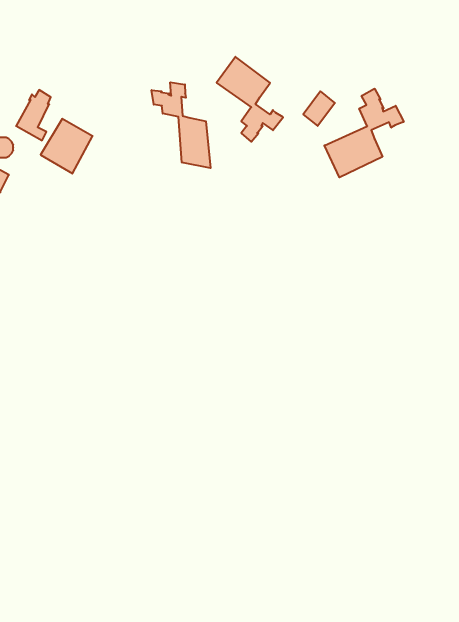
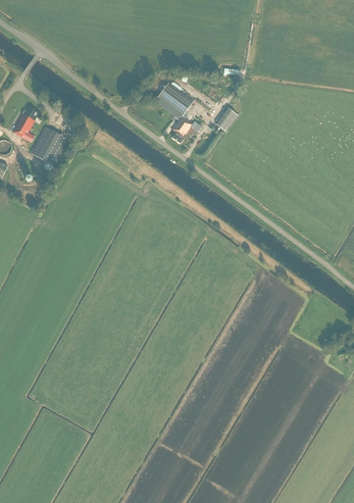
building: [152,82,211,168] -> none
building: [324,89,404,177] -> none

